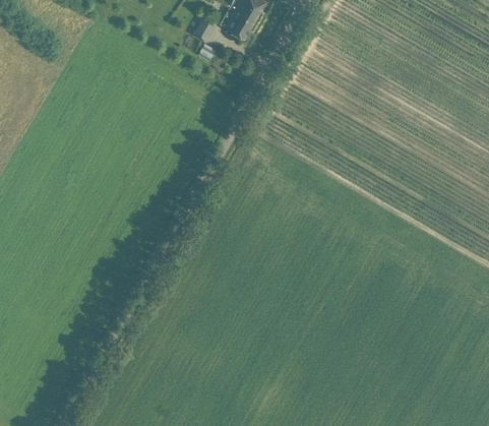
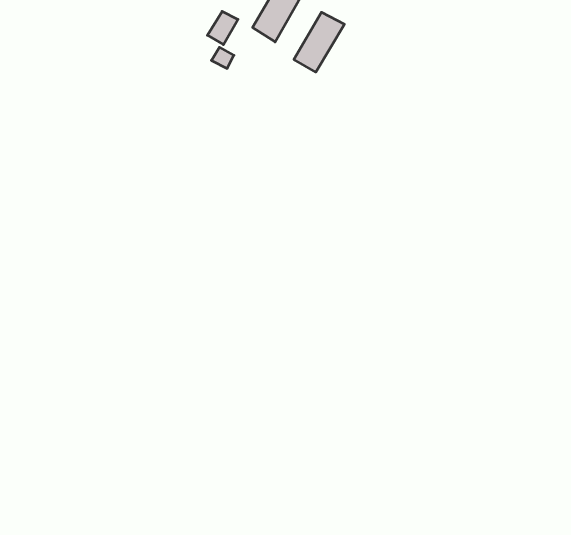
building: none -> [294,12,344,72]

